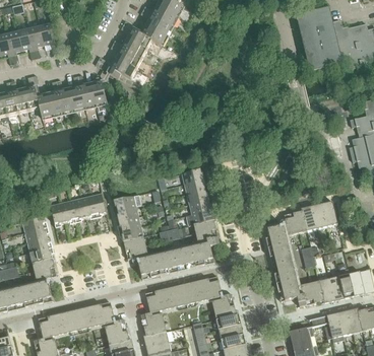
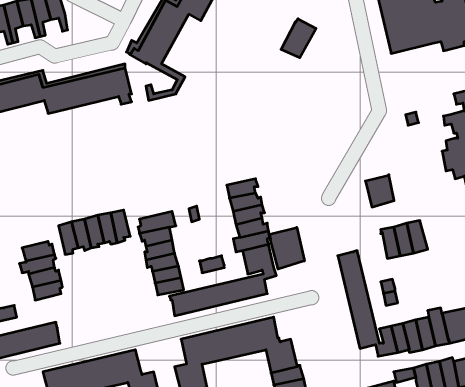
building: none -> [281,19,316,58]
building: none -> [270,227,304,269]
building: [284,209,306,234] -> [365,175,394,207]
building: [32,257,56,280] -> none

